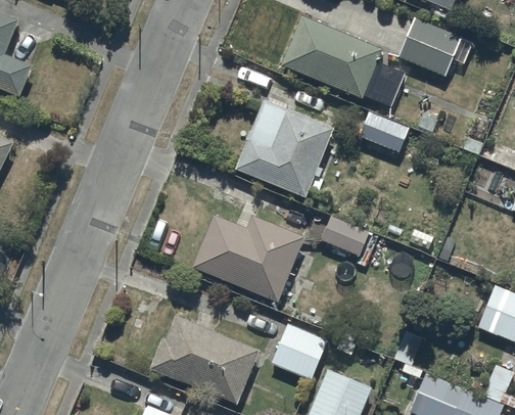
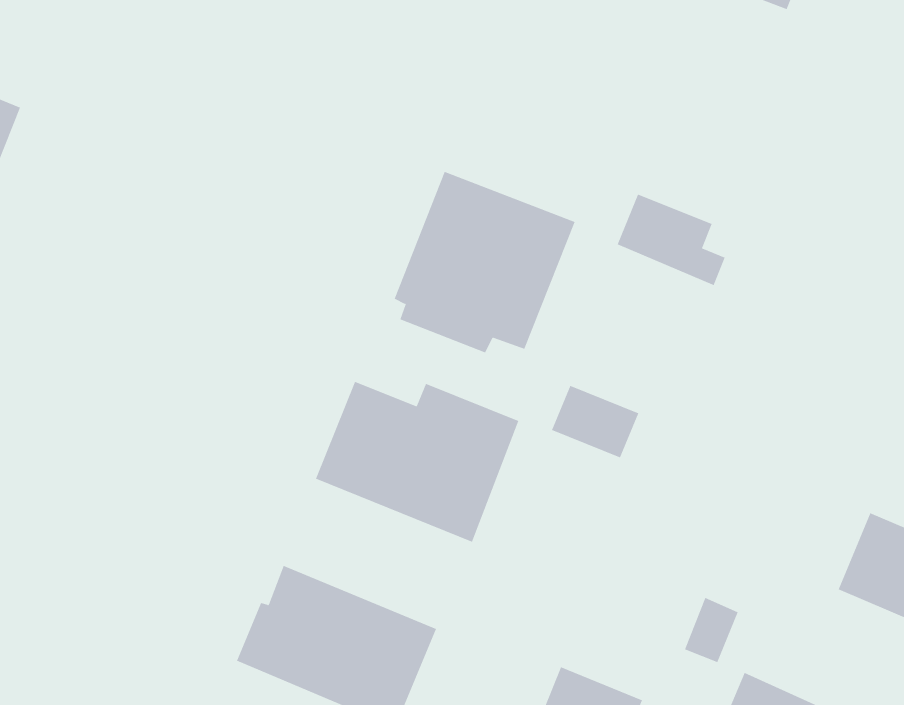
building: [281,15,392,102] -> none
building: [396,18,462,78] -> none
building: [272,323,328,380] -> none

